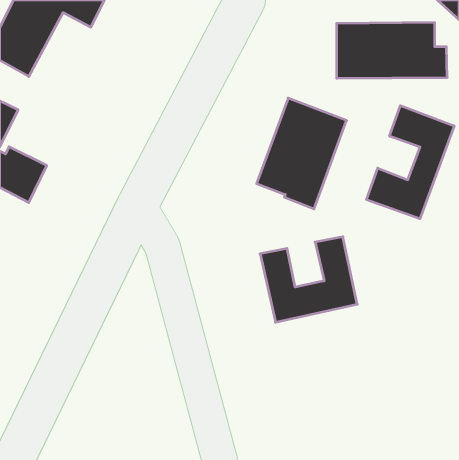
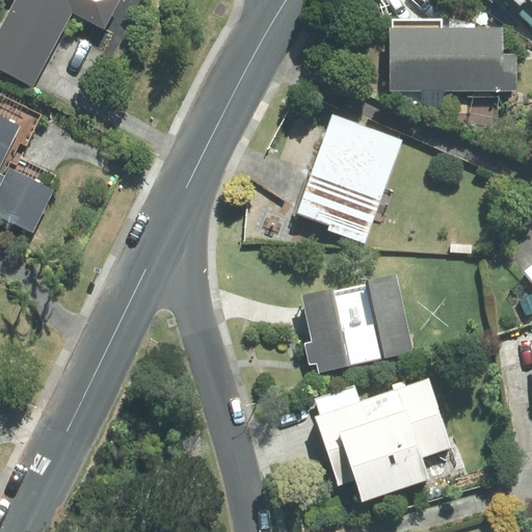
building: [367,106,454,219] -> none
building: none -> [315,377,452,500]

